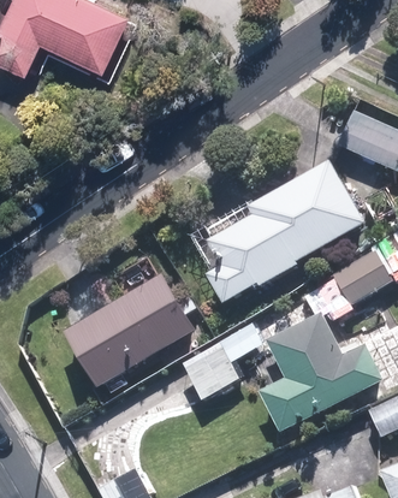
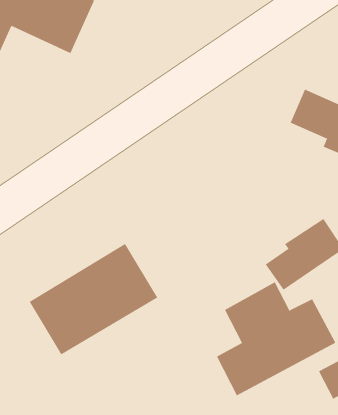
building: [206,160,364,304] -> none
building: [182,321,263,398] -> none

